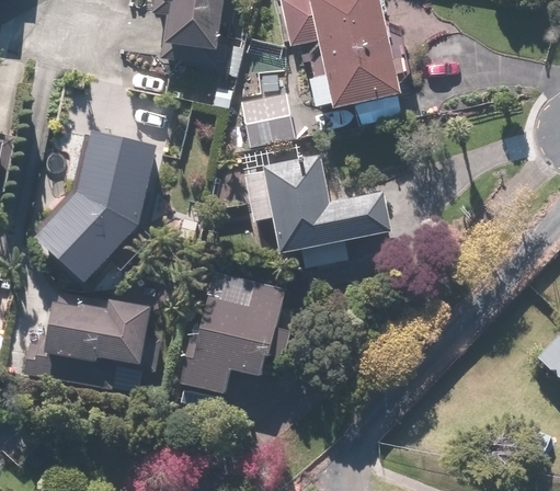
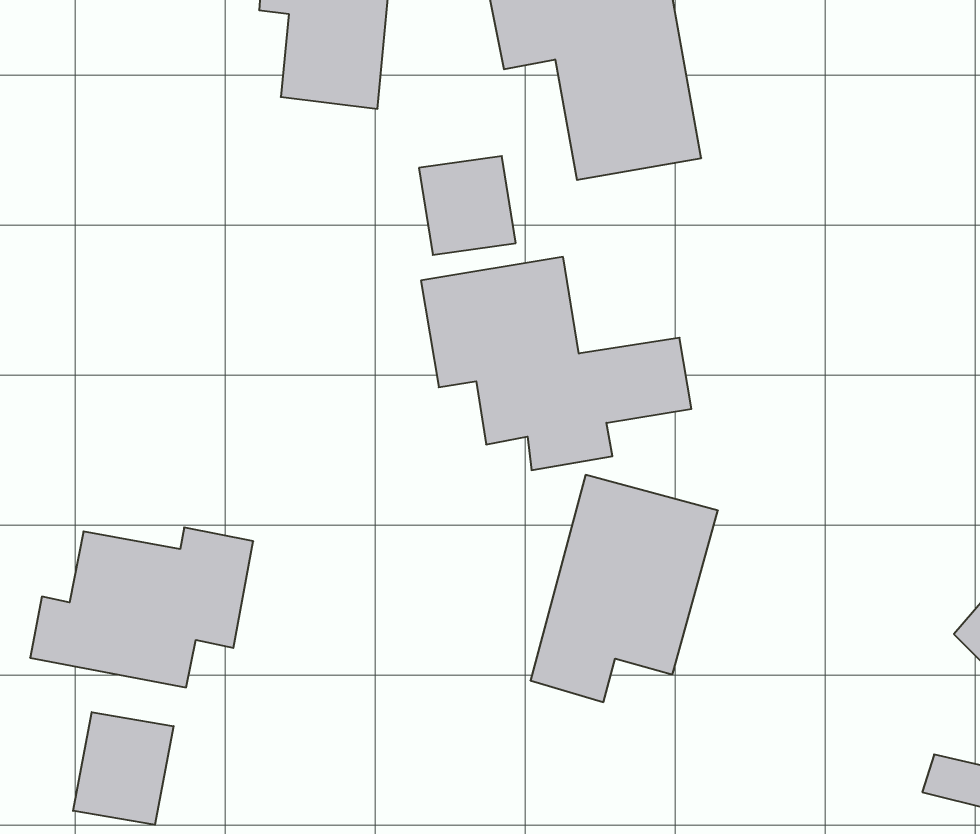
building: [35,134,155,282] -> none
building: [182,266,286,392] -> [530,475,718,702]
building: none -> [73,712,174,825]

